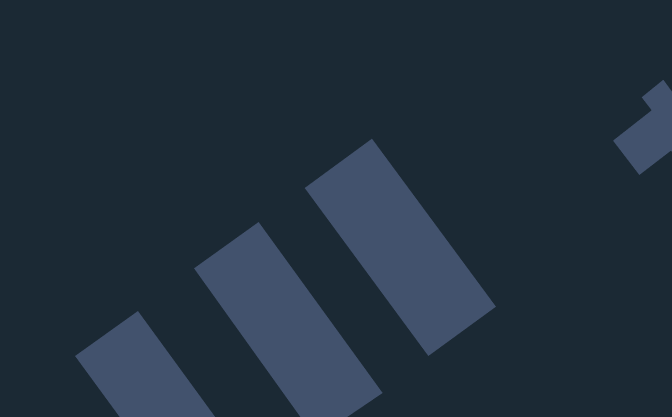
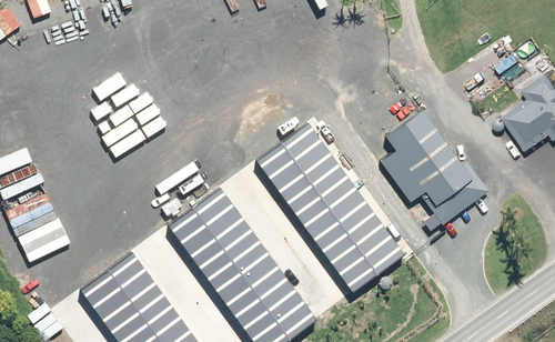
building: none -> [377,102,486,229]

